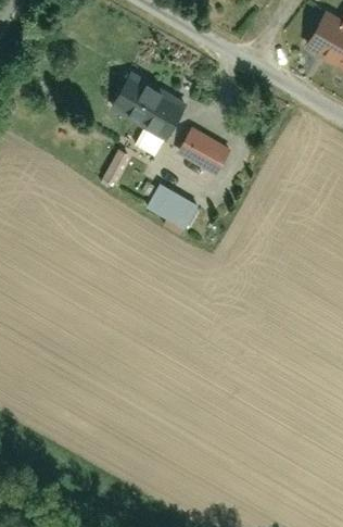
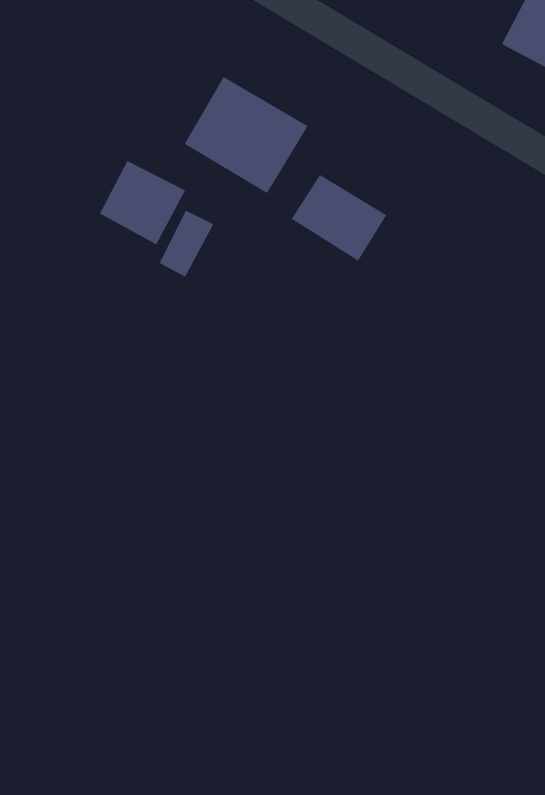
building: none -> [99,160,186,245]
building: [148,183,195,226] -> none

